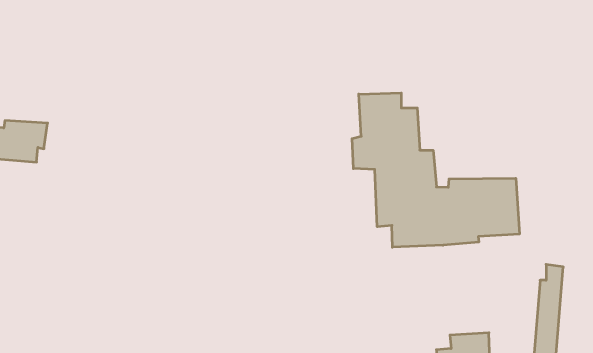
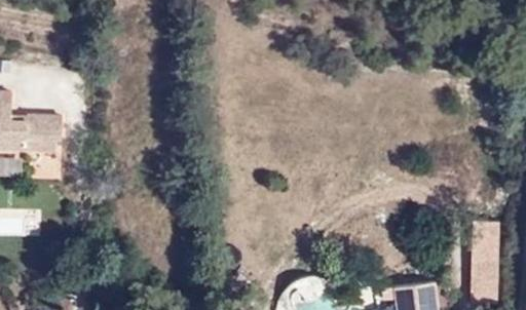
building: [352,93,519,247] -> none

